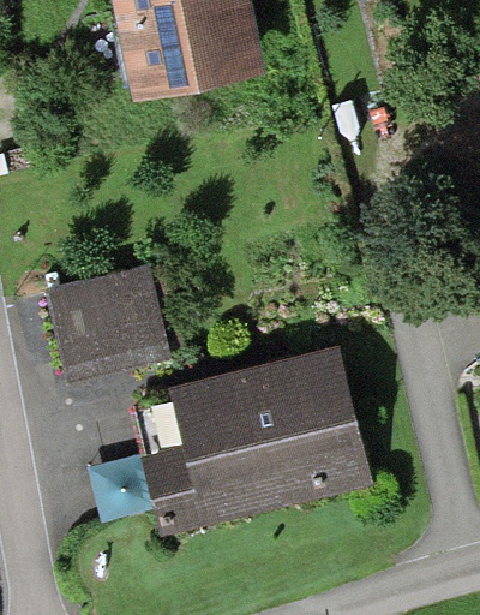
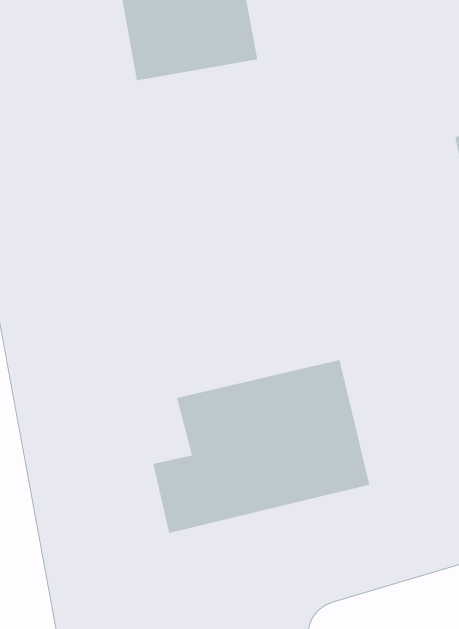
building: [58,270,164,365] -> none

